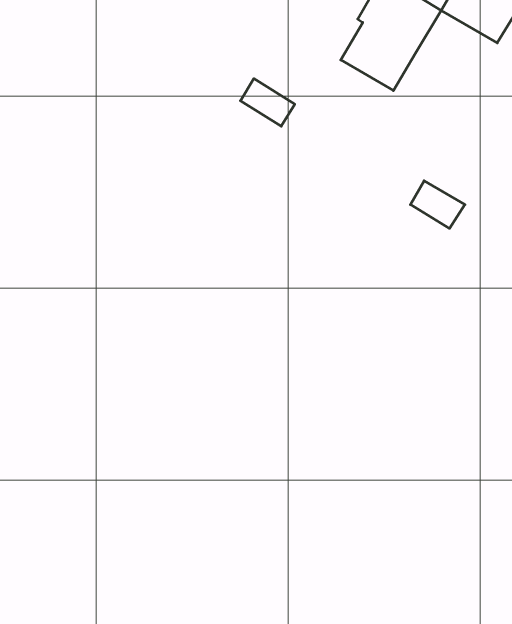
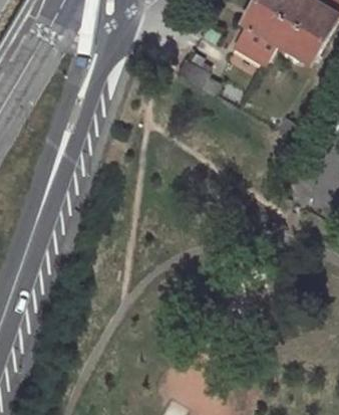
building: none -> [277,17,325,61]

